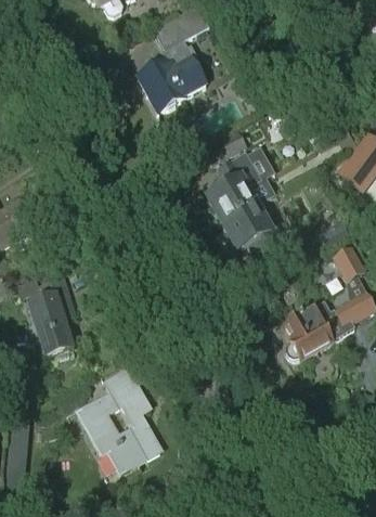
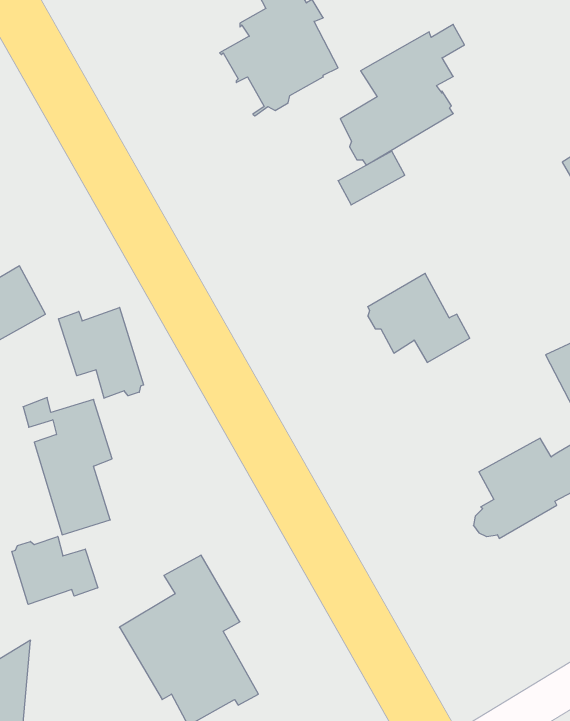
building: [208,142,281,224] -> [340,24,464,165]
building: none -> [59,307,144,398]
building: none -> [12,536,98,604]

